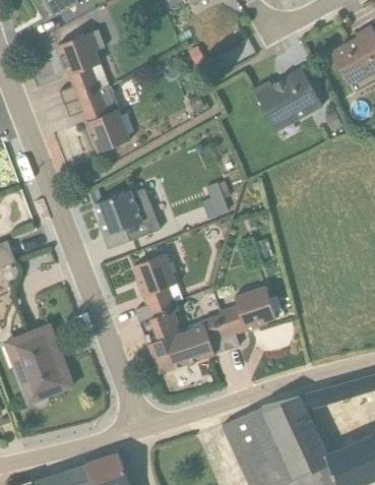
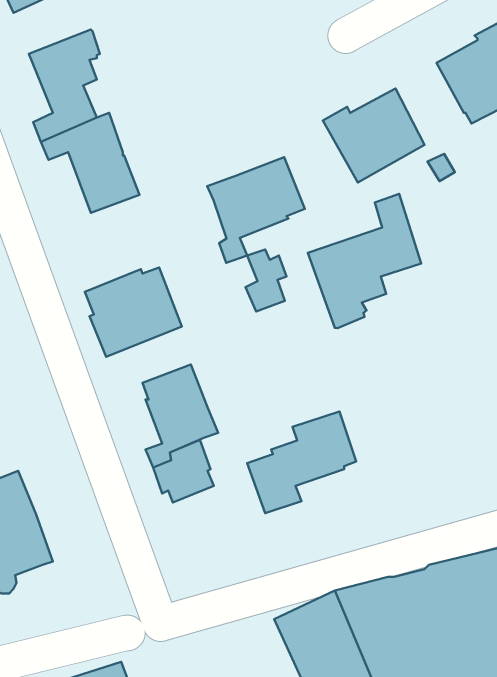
building: none -> [207,157,305,263]
building: none -> [308,194,421,328]
building: [152,320,215,373] -> none

